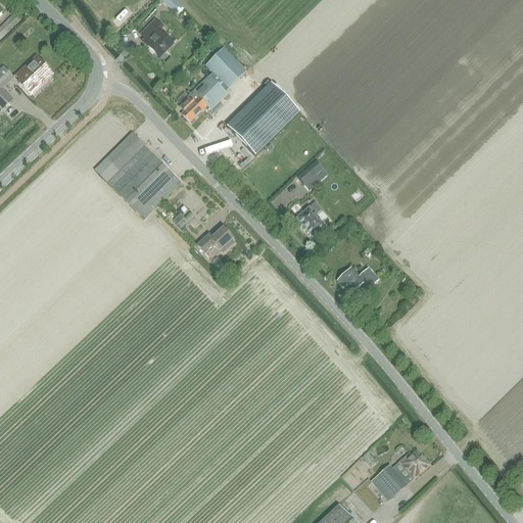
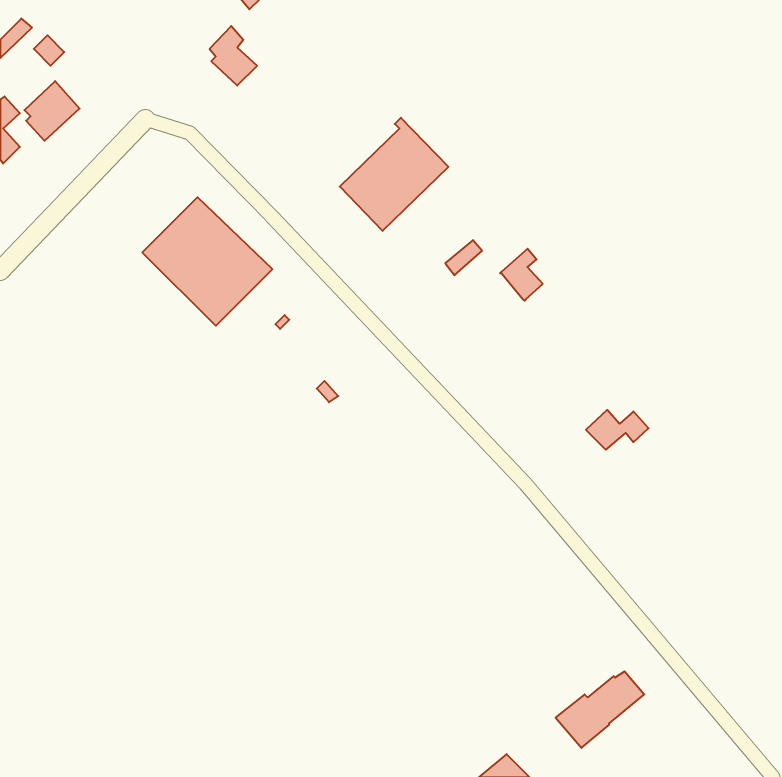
building: [179,46,246,122] -> none
building: [296,201,325,236] -> [500,249,543,301]
building: [197,227,235,252] -> none
building: [337,266,379,292] -> [586,410,649,450]

